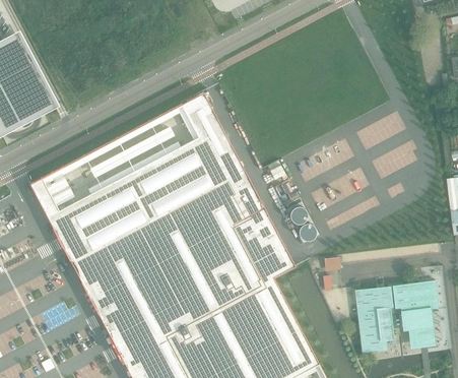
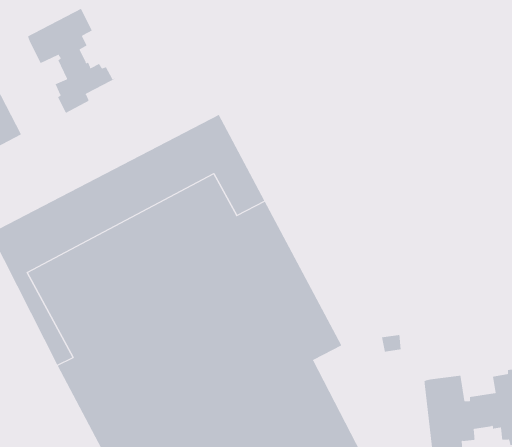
building: none -> [25,8,119,114]

